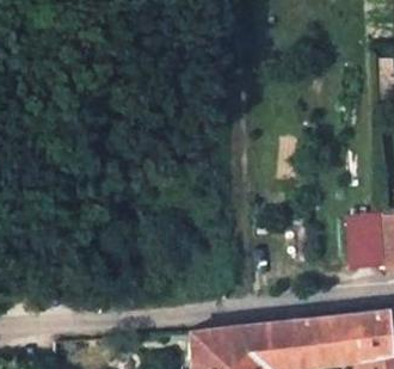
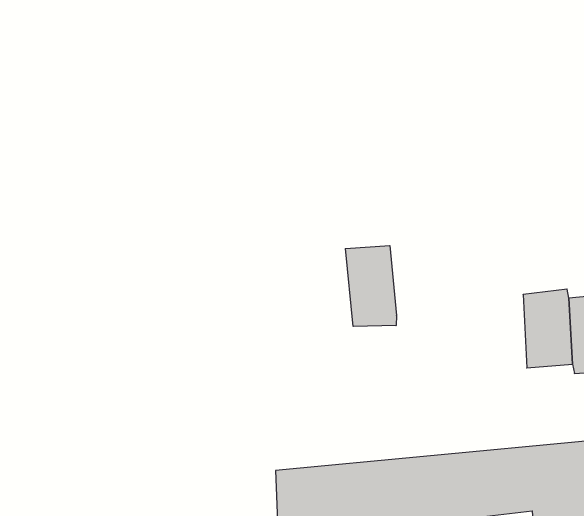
building: none -> [345,246,396,326]

